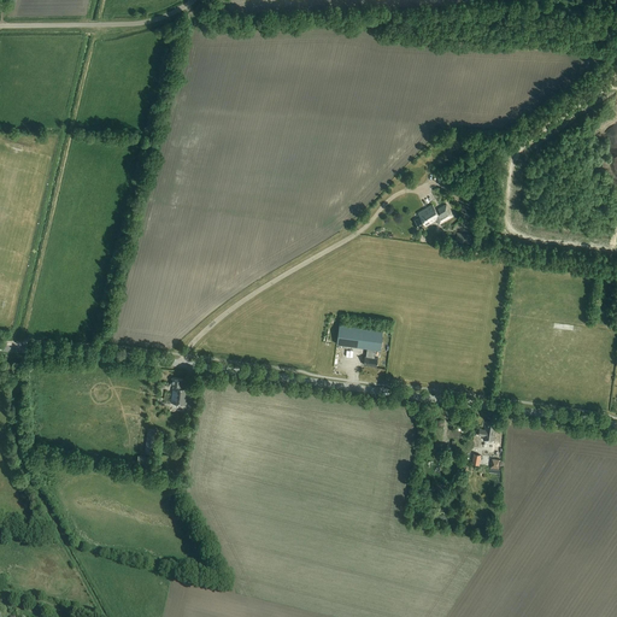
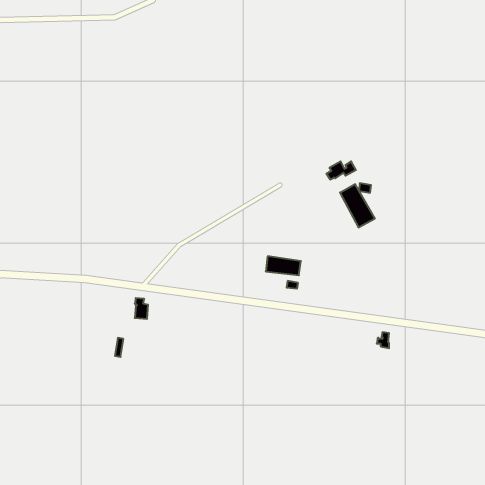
building: none -> [340,184,375,228]

